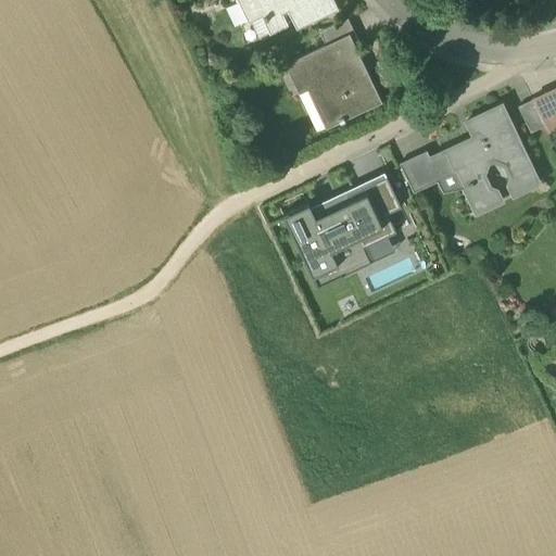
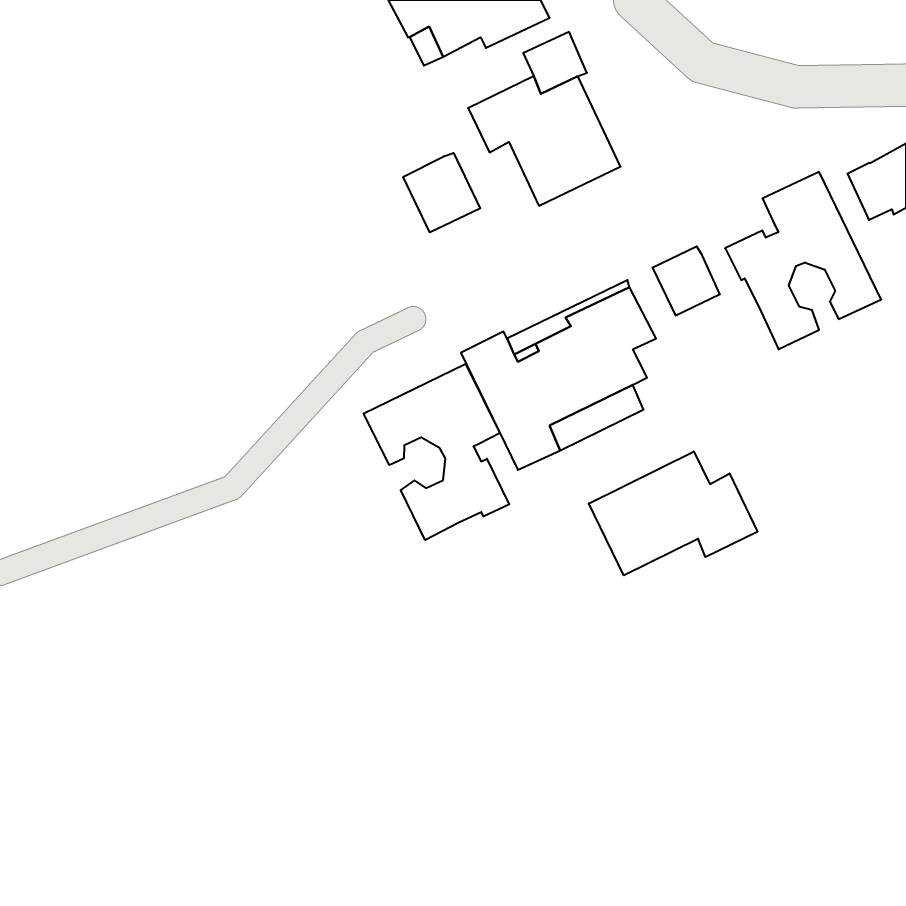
building: none -> [403,153,480,232]
building: [414,152,465,193] -> none
building: none -> [364,364,509,540]
building: none -> [589,451,757,575]

